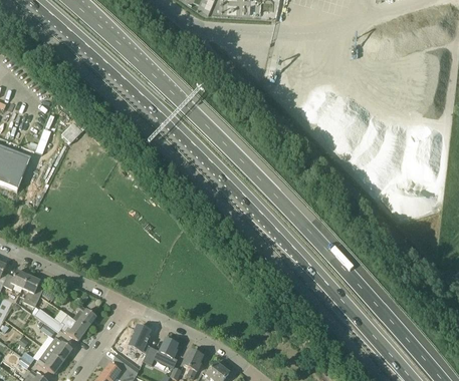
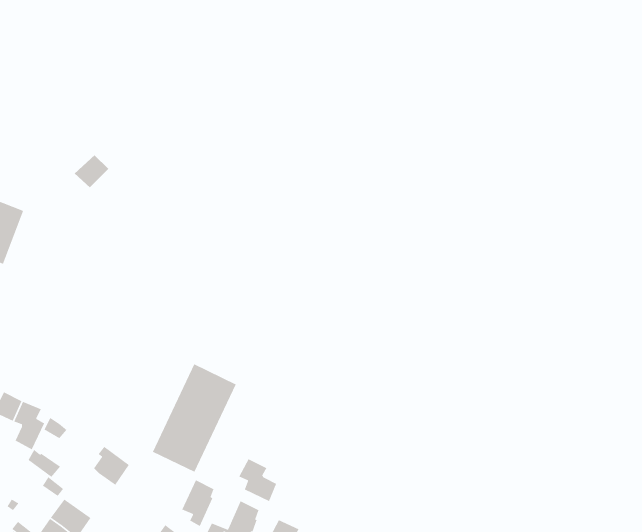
building: none -> [152,363,237,473]
building: none -> [238,458,277,502]
building: [61,314,87,340] -> none

